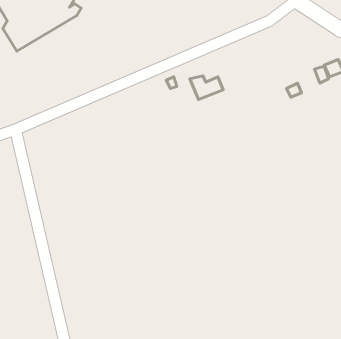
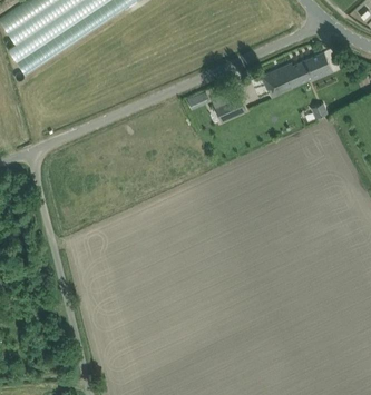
building: none -> [261,53,332,92]

